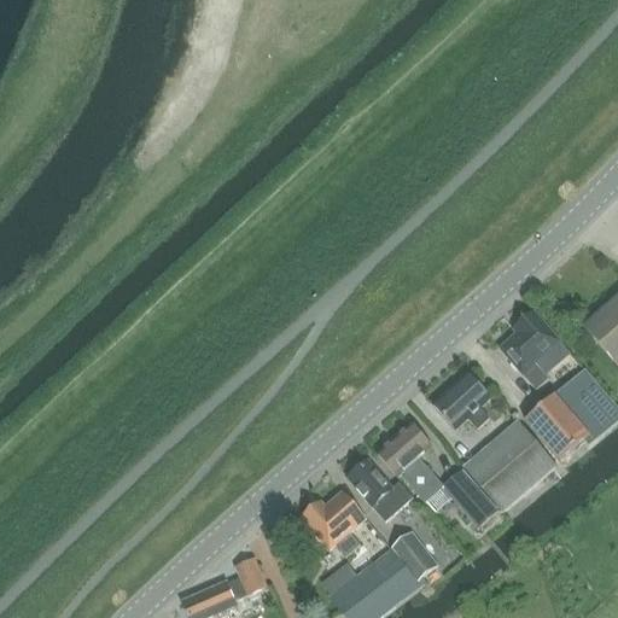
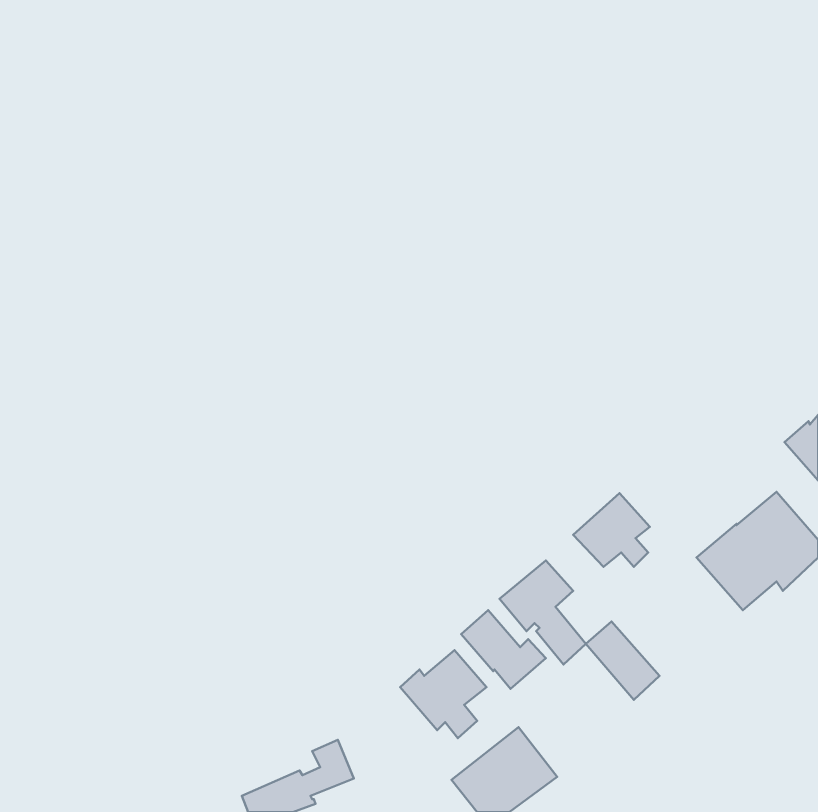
building: [500,310,560,386] -> none
building: [465,421,555,509] -> none
building: [391,531,437,581] -> none

